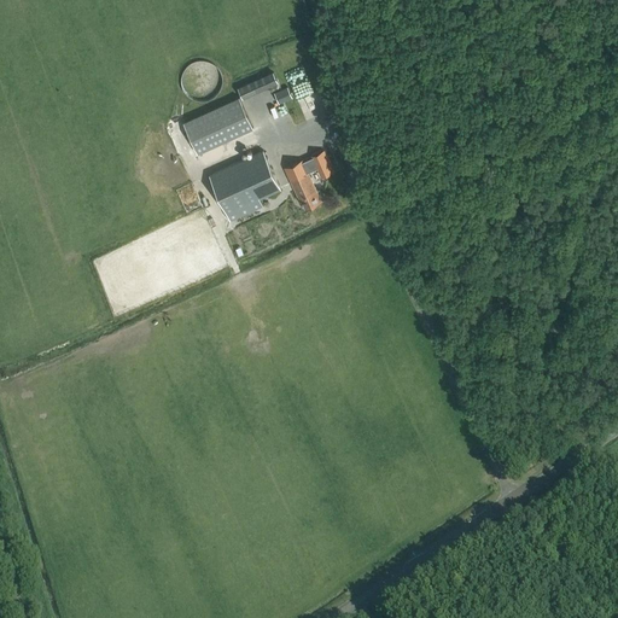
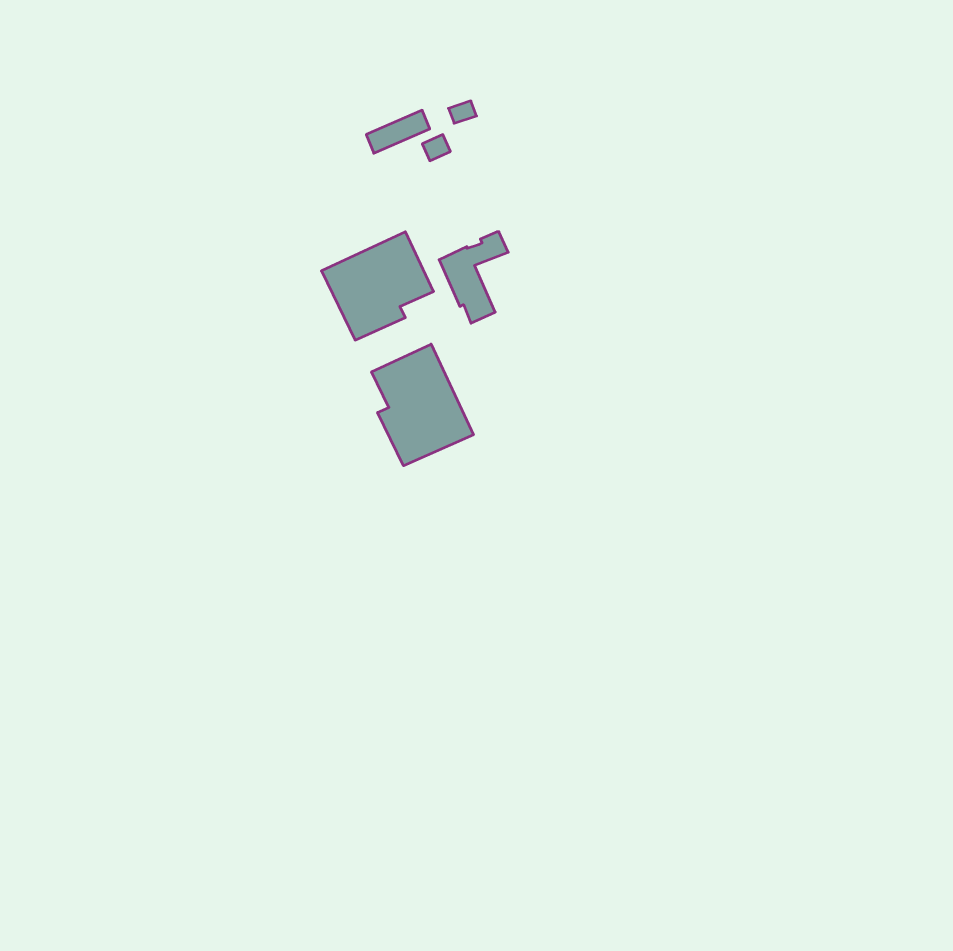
building: [182,99,252,156] -> none
building: none -> [372,344,473,466]

